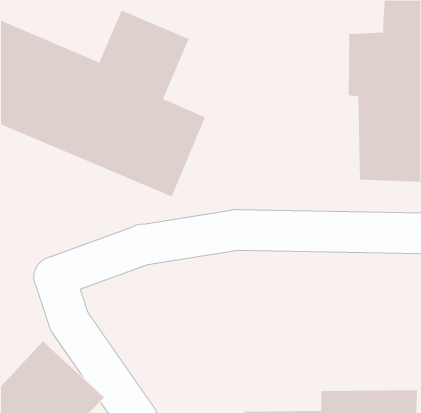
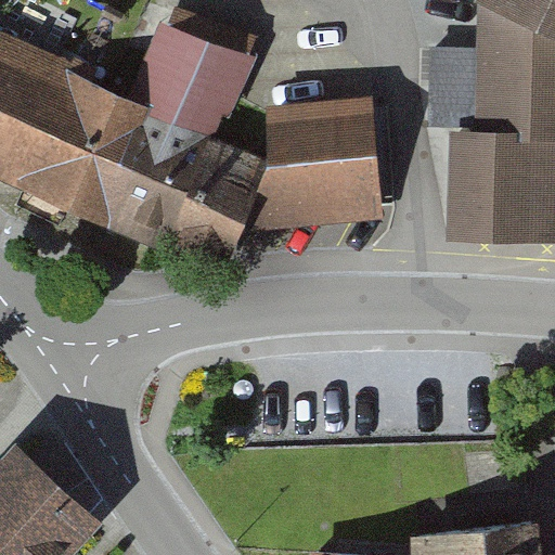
building: none -> [266,107,378,221]

